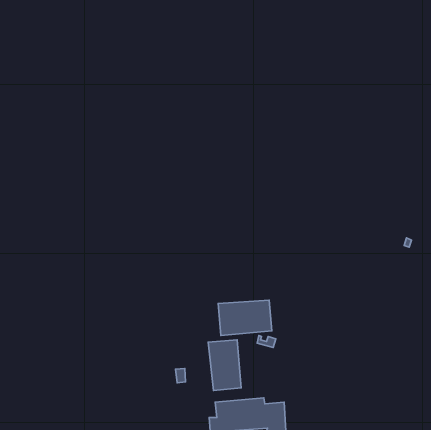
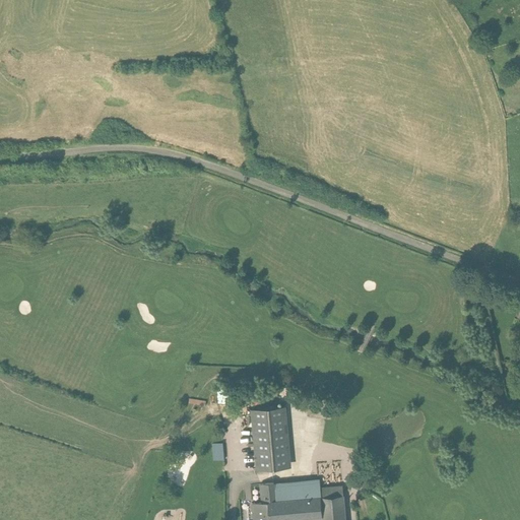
building: [218,300,272,335] -> none

